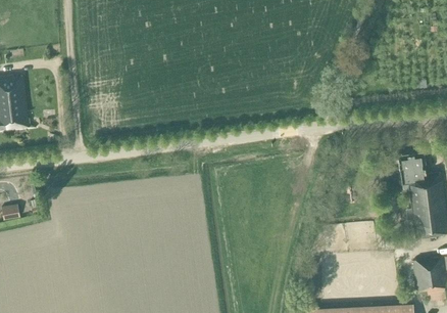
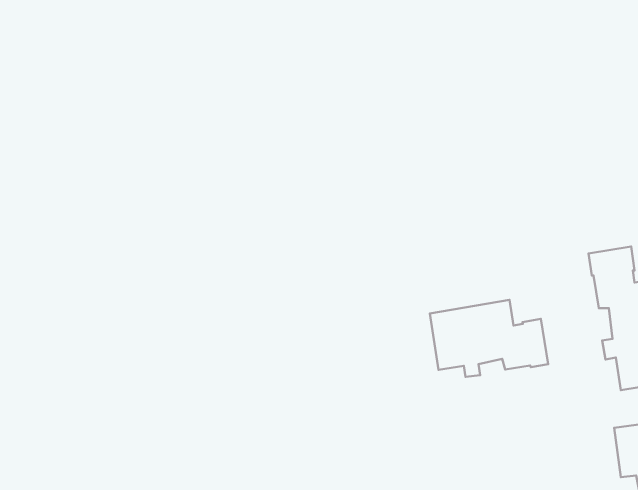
building: none -> [430,300,548,377]

